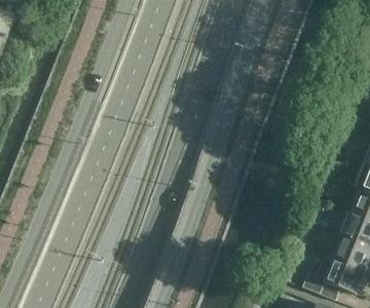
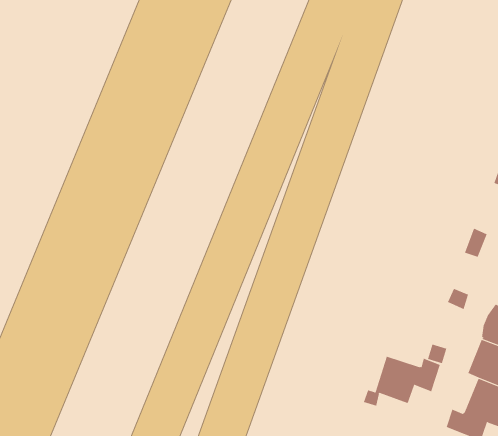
building: none -> [363,356,441,406]

